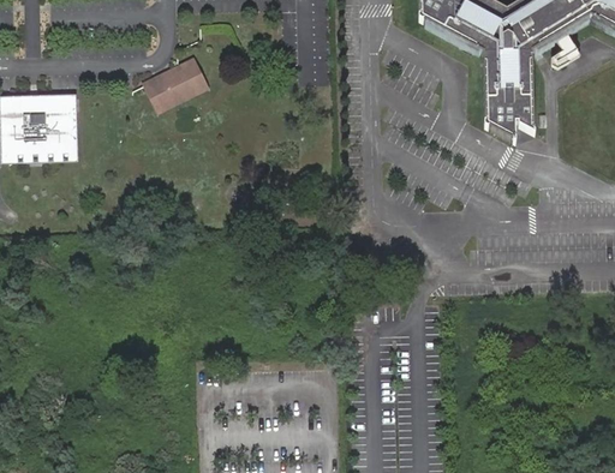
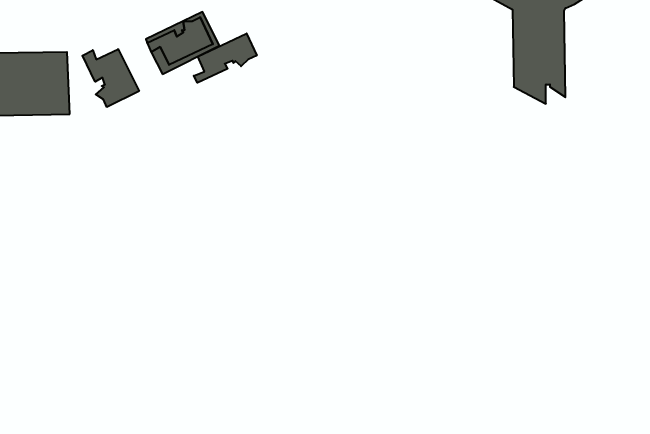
building: none -> [194,33,257,83]
building: none -> [82,49,139,107]

